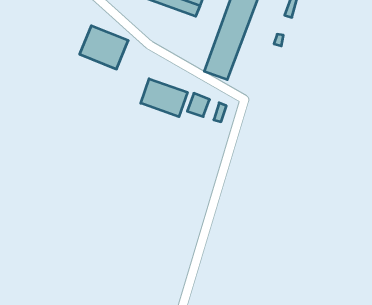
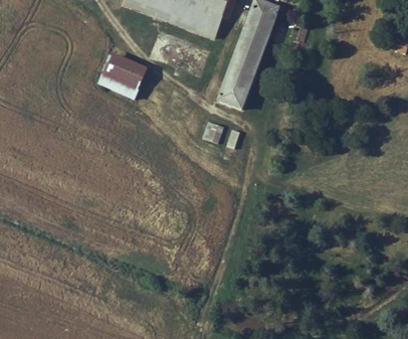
building: [141,79,187,117] -> none

